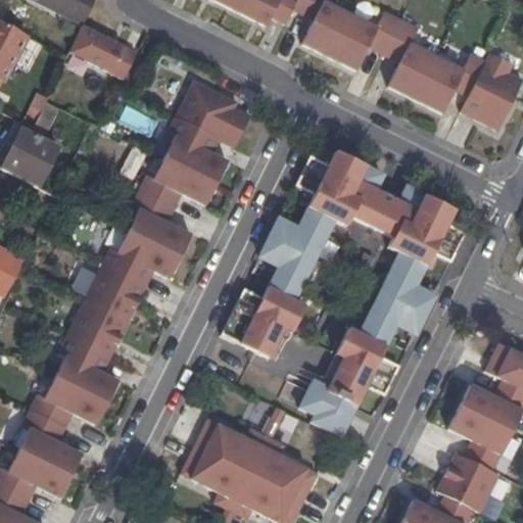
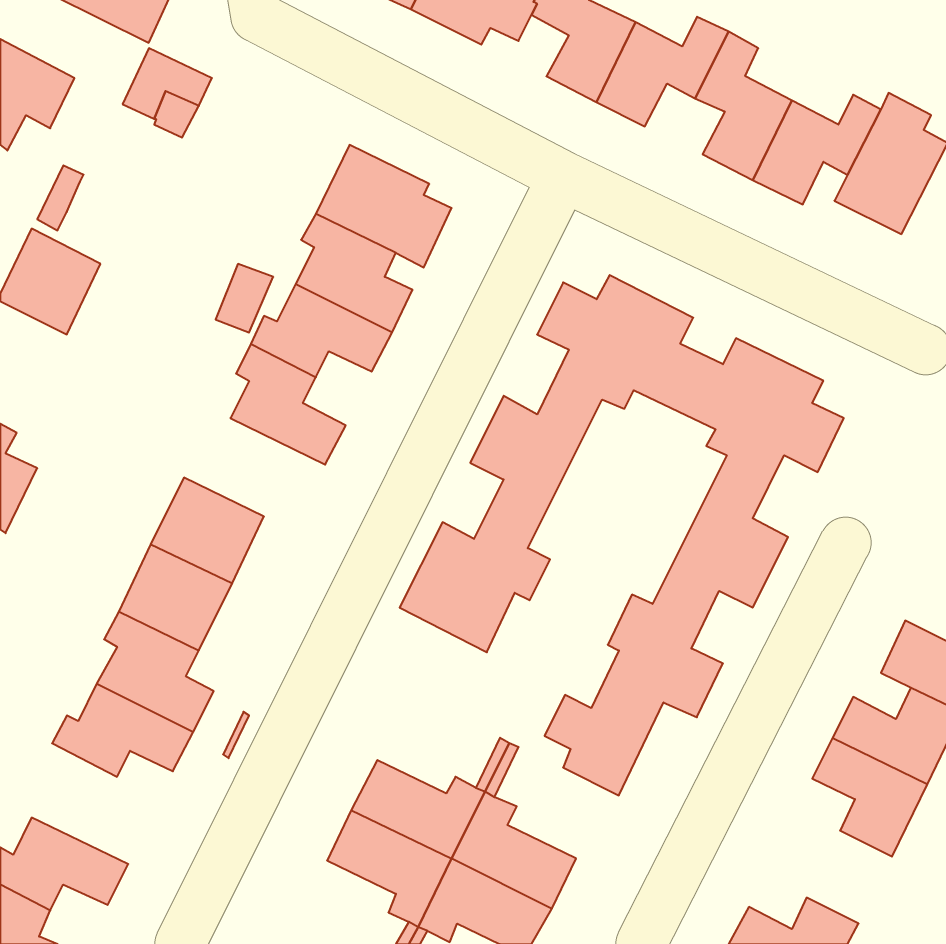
building: [103,230,181,284] -> none
building: [19,409,83,475] -> none
building: [437,453,500,512] -> none

